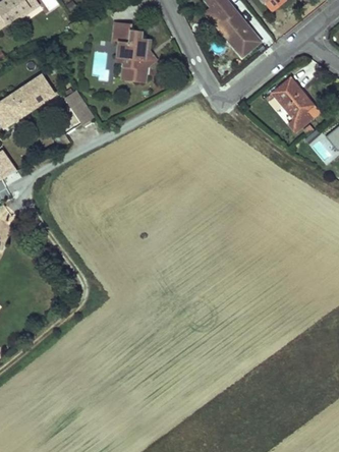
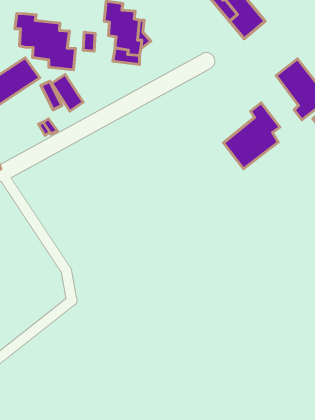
building: none -> [15,13,75,70]
building: none -> [224,103,280,169]

